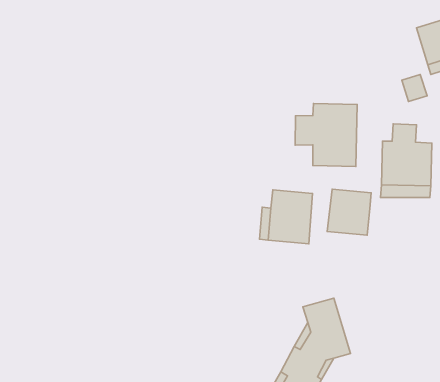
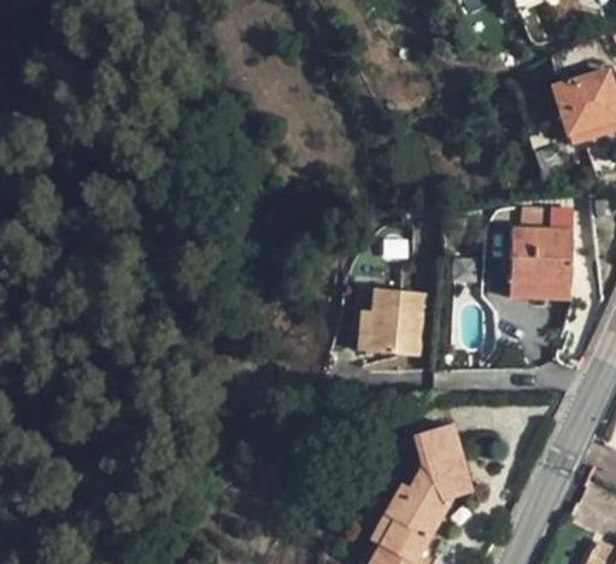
building: [295,103,357,167] -> none
building: [327,189,371,235] -> none

